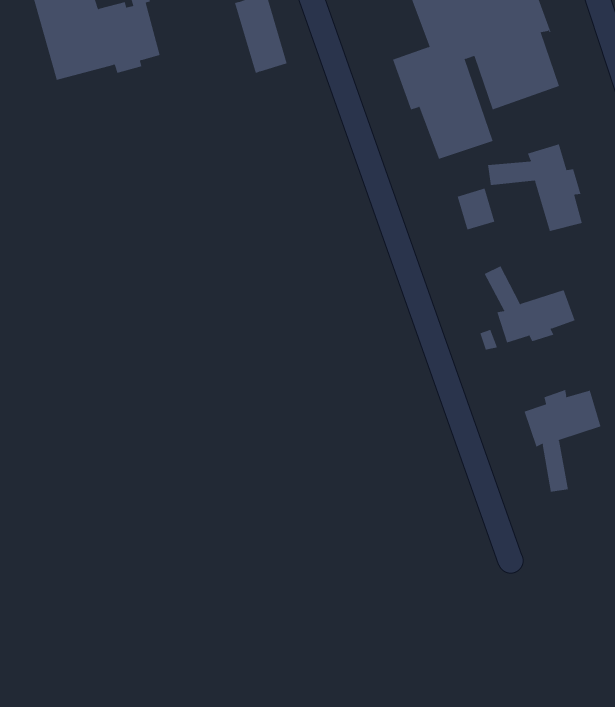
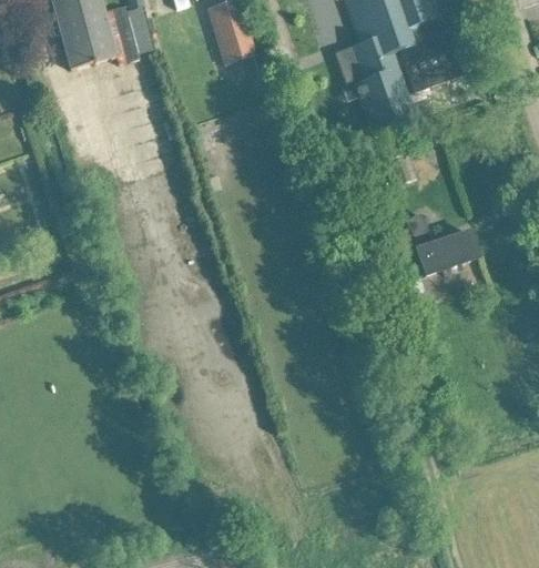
building: [487,143,582,232] -> none
building: [524,389,601,492] -> none

